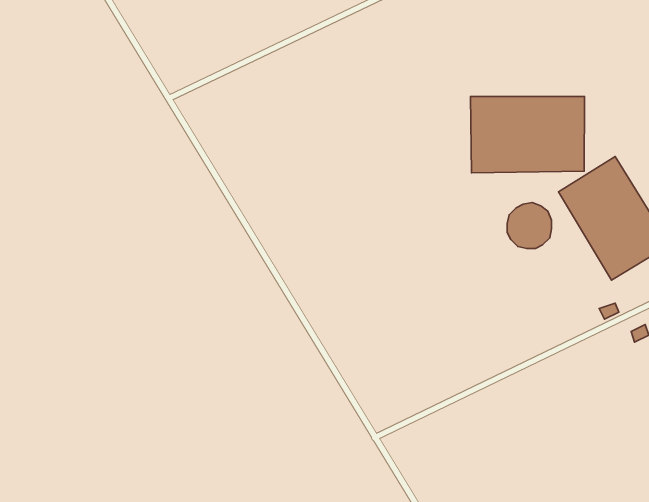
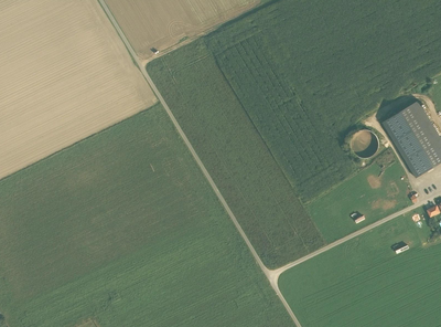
building: [471,97,584,173] -> none

